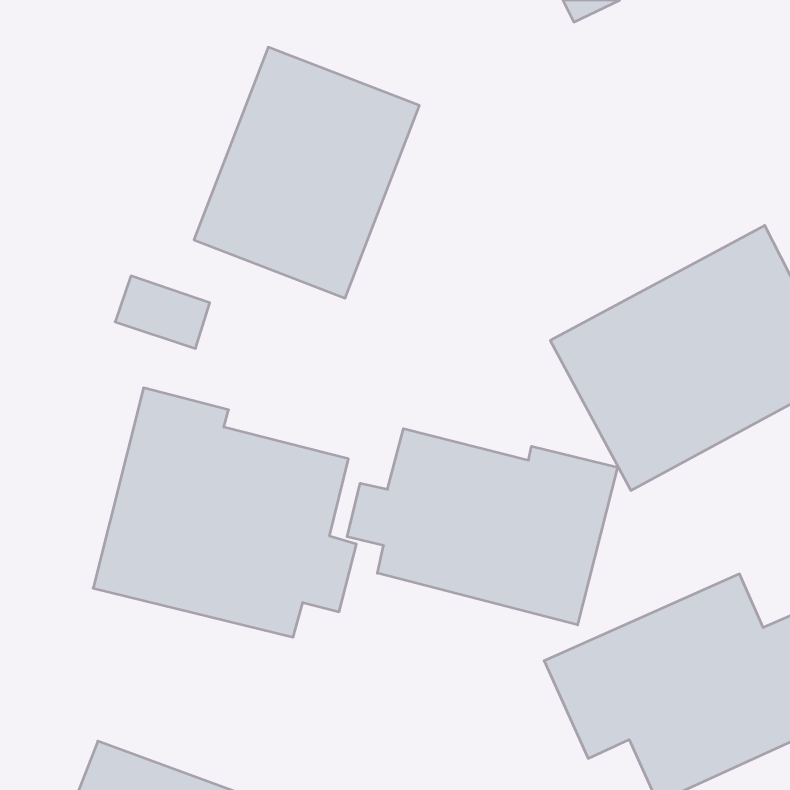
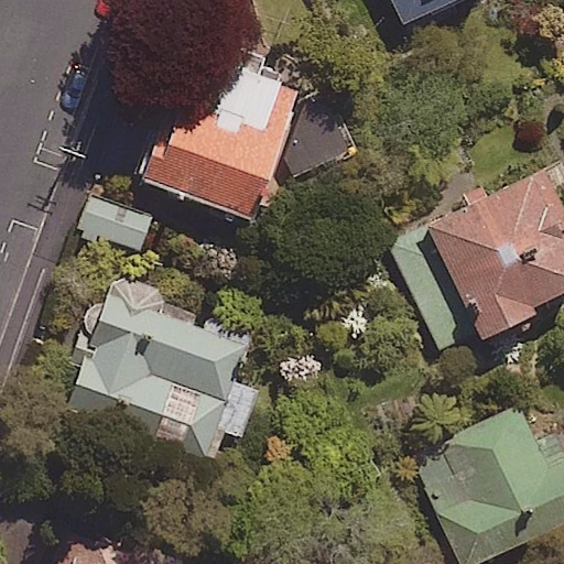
building: [347,429,617,625] -> none

